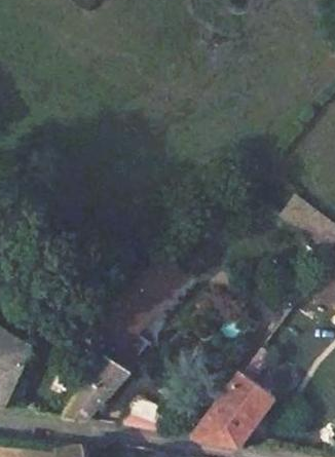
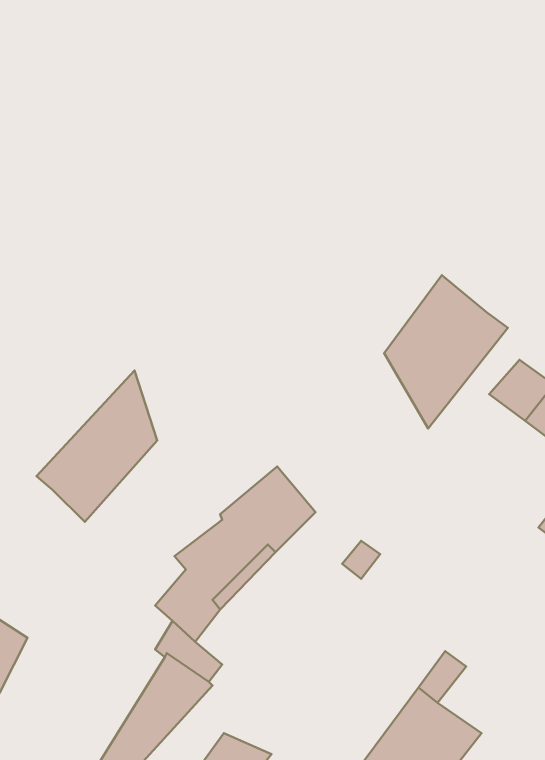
building: none -> [384,275,508,428]
building: none -> [36,371,157,522]

